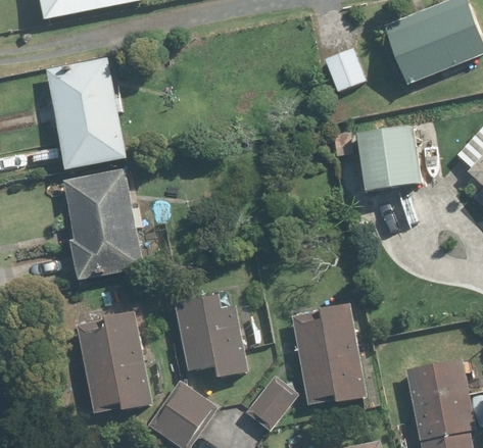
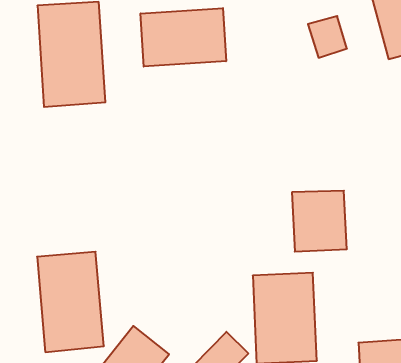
building: none -> [141,8,226,67]
building: [360,122,422,189] -> [292,191,347,252]
building: [64,167,142,279] -> none
building: [174,290,250,379] -> none

